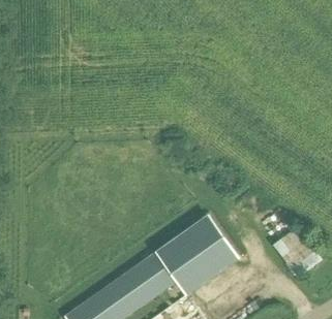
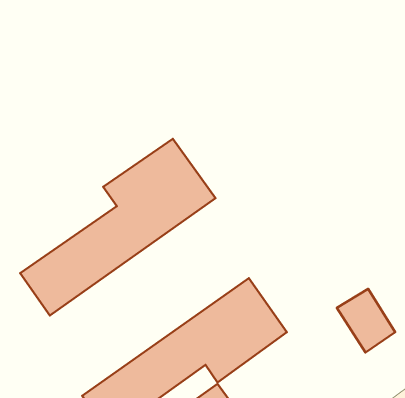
building: none -> [20,139,215,315]

